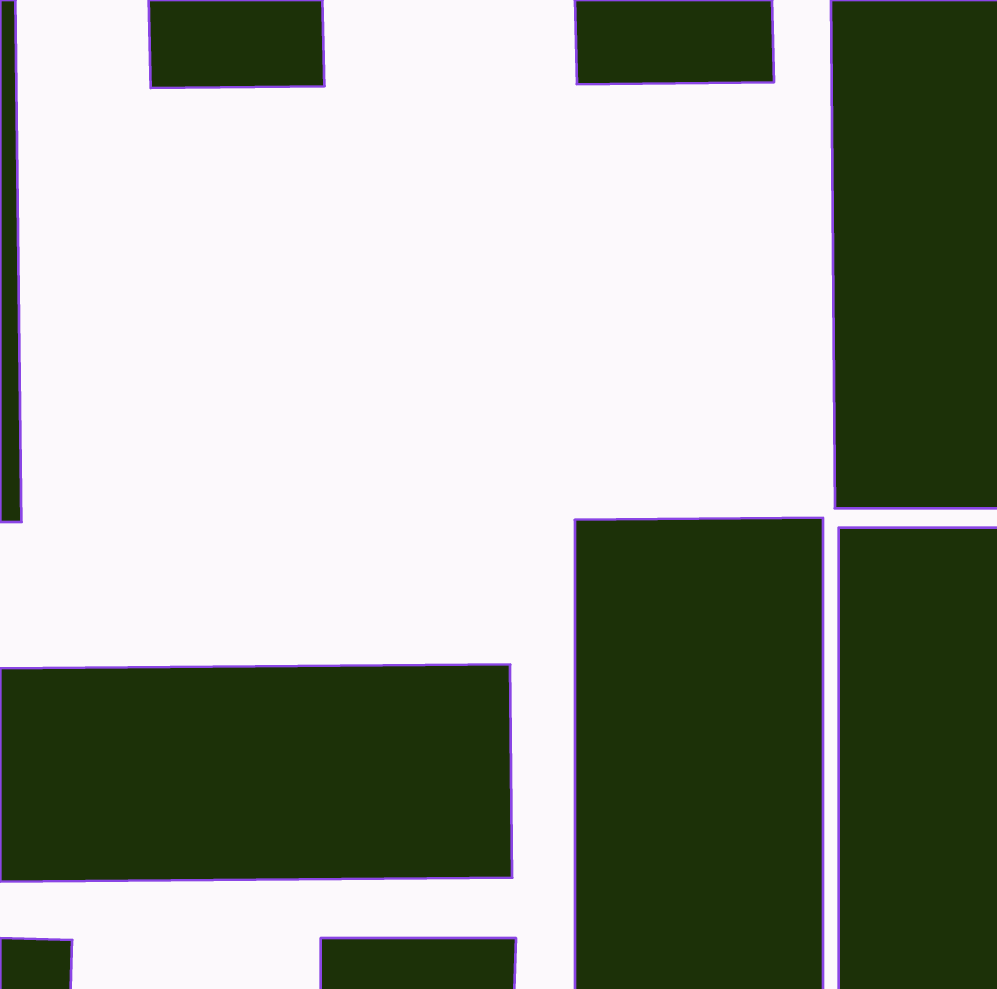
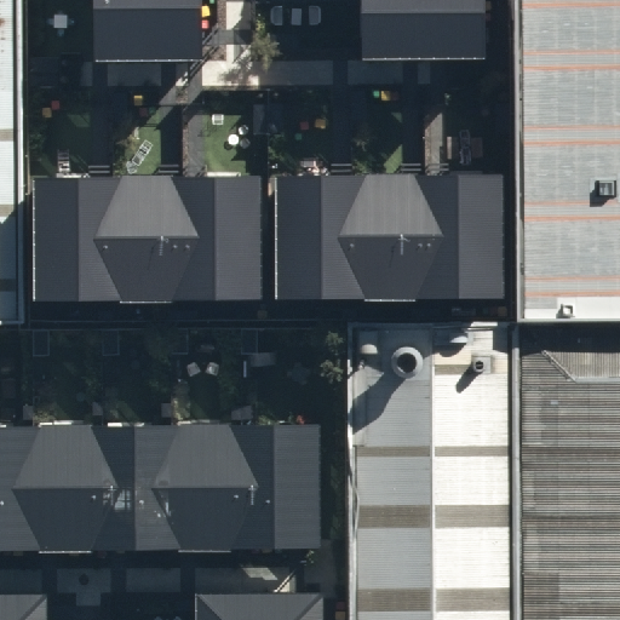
building: none -> [46,166,257,309]
building: none -> [280,172,498,308]

